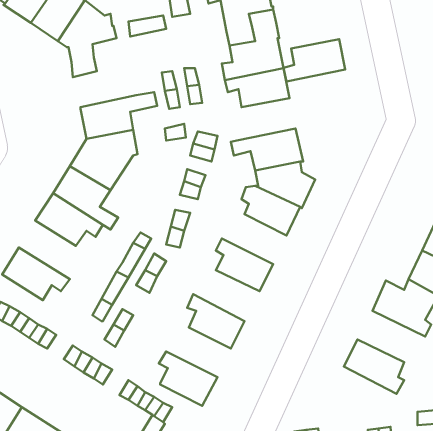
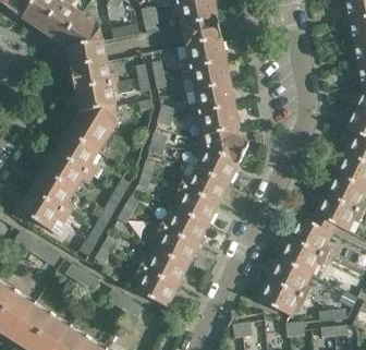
building: none -> [69,40,118,90]
building: [284,39,345,81] -> [188,84,233,114]
building: none -> [180,168,227,204]
building: none -> [33,172,74,215]
building: none -> [159,208,207,245]
building: none -> [278,238,327,275]
building: none -> [139,250,186,286]
building: none -> [257,278,306,315]

